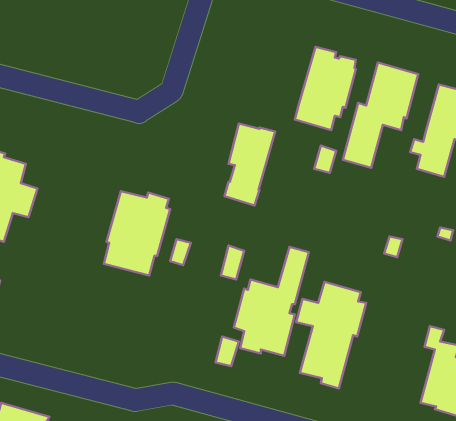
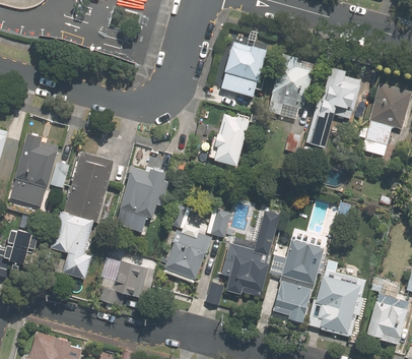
building: none -> [219,42,265,96]
building: none -> [52,151,116,279]
building: none -> [160,230,211,285]
building: none -> [98,254,150,305]
building: none -> [313,270,365,337]

